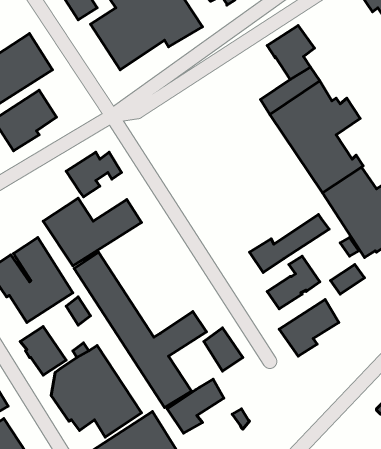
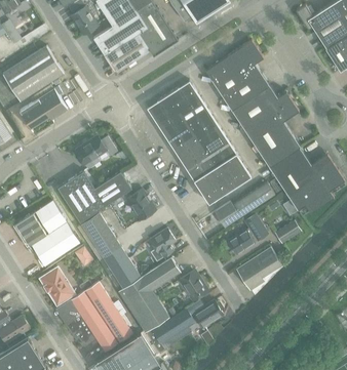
building: none -> [204,55,244,96]
building: none -> [146,81,250,203]
building: none -> [126,190,155,221]
building: none -> [149,229,176,262]
building: none -> [192,301,224,329]

